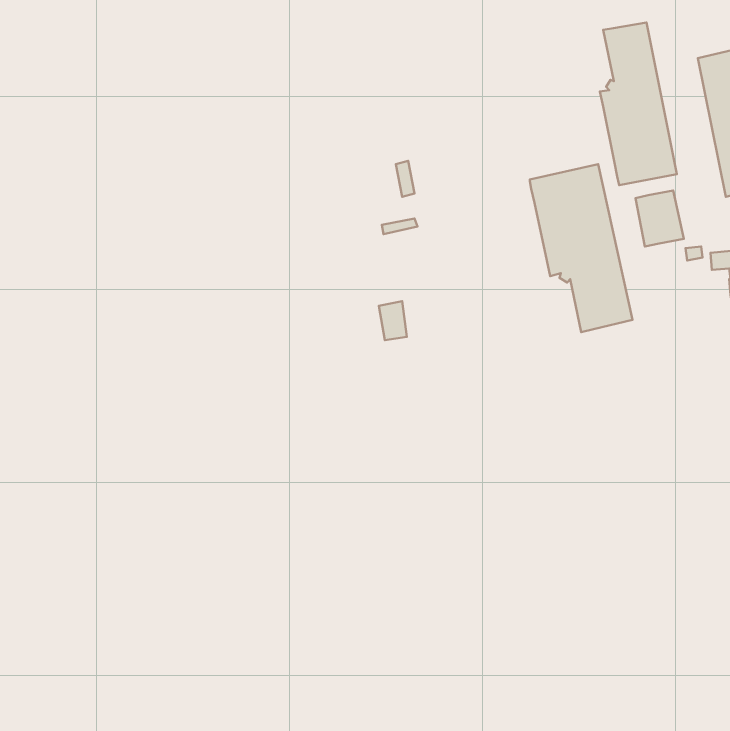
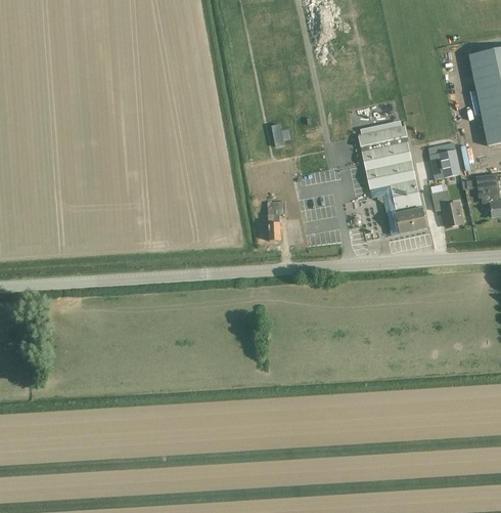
building: [600,22,677,185] -> none
building: none -> [431,189,462,225]

